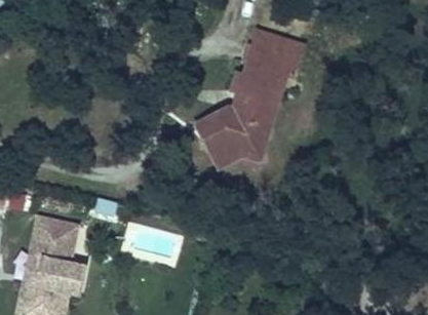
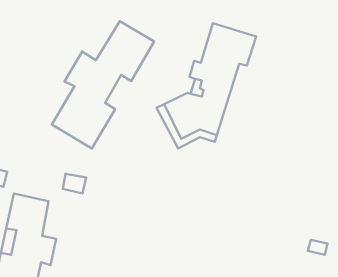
building: none -> [52,21,154,149]

